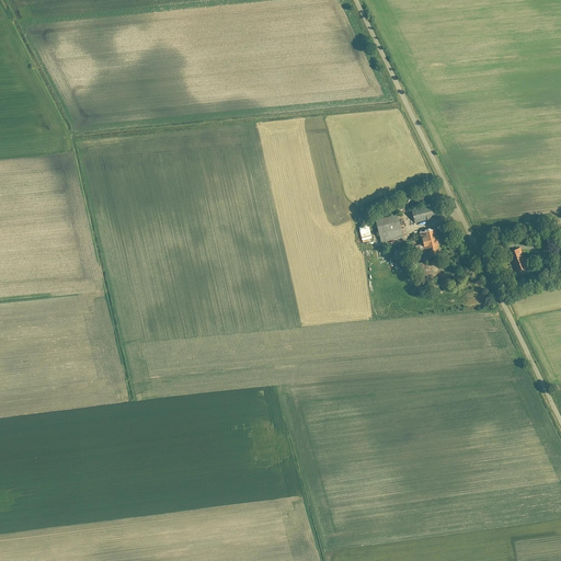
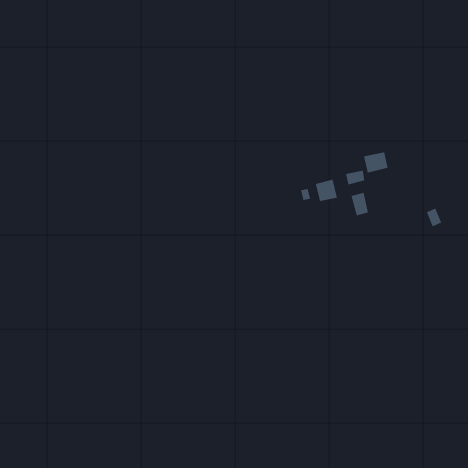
building: none -> [363,151,388,173]

